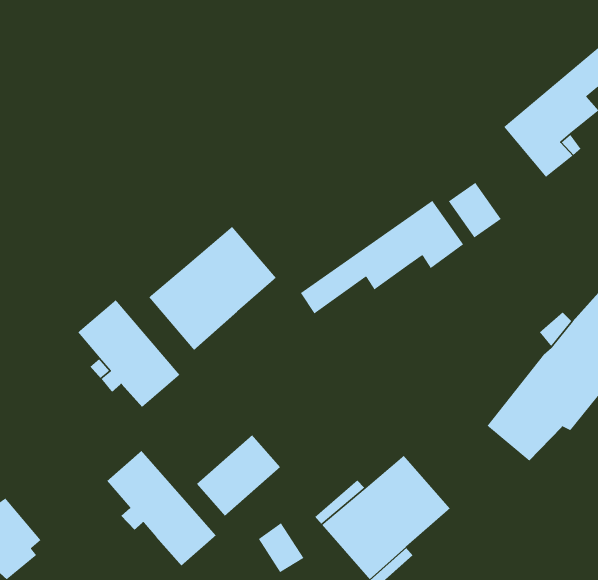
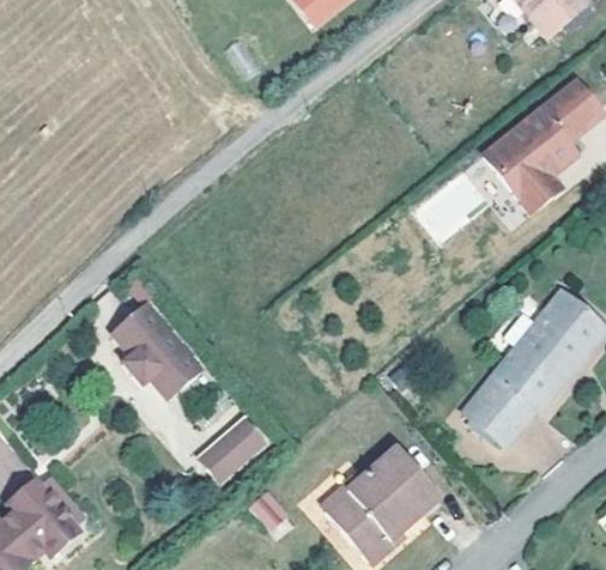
building: [300,200,464,314] -> none
building: [148,226,277,351] -> none
building: [106,450,217,567] -> none

